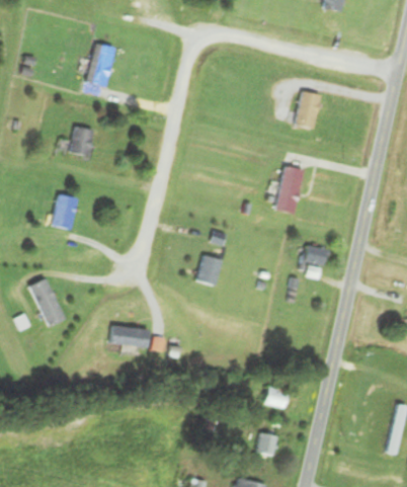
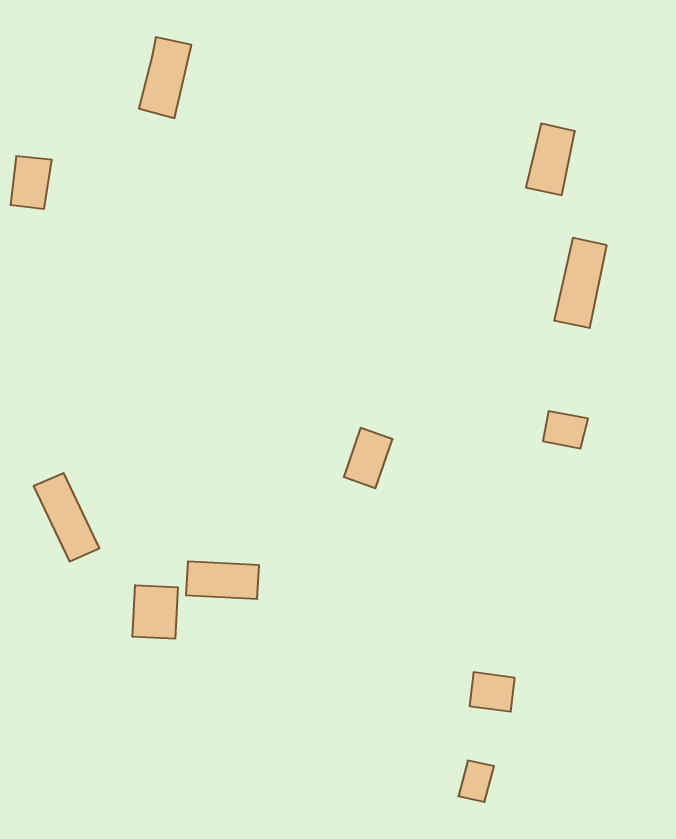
building: [71,127,93,155] -> [10,156,52,209]
building: [275,165,304,214] -> [554,238,607,328]
building: [53,194,77,229] -> none
building: none -> [132,585,178,639]

